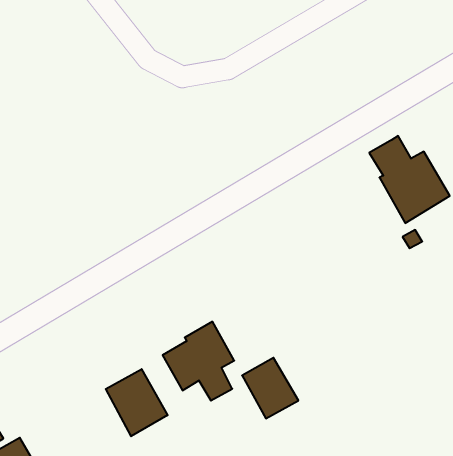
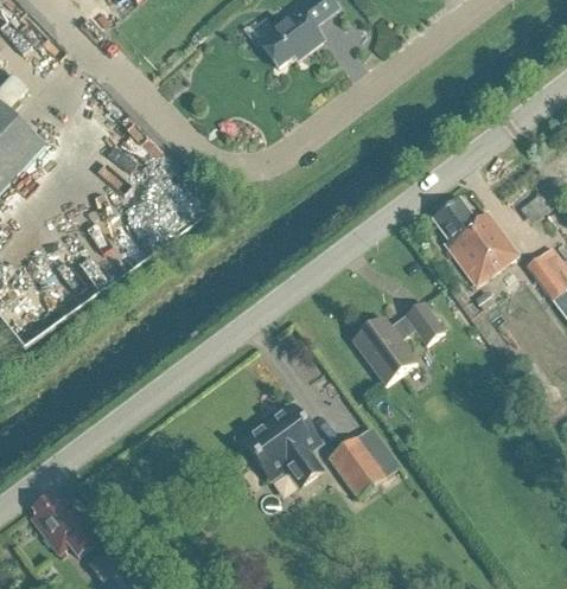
building: none -> [352,302,444,384]
building: [106,369,168,436] -> none

